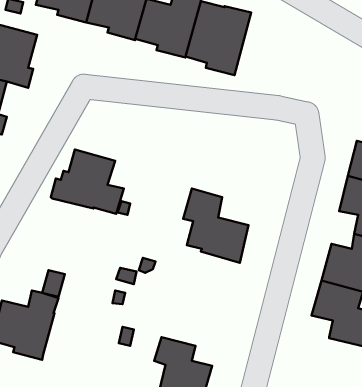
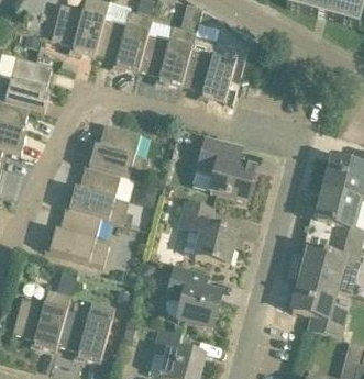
building: none -> [84,122,148,180]
building: none -> [198,136,254,199]
building: none -> [44,208,108,265]
building: none -> [167,264,220,327]
building: none -> [57,300,114,360]

